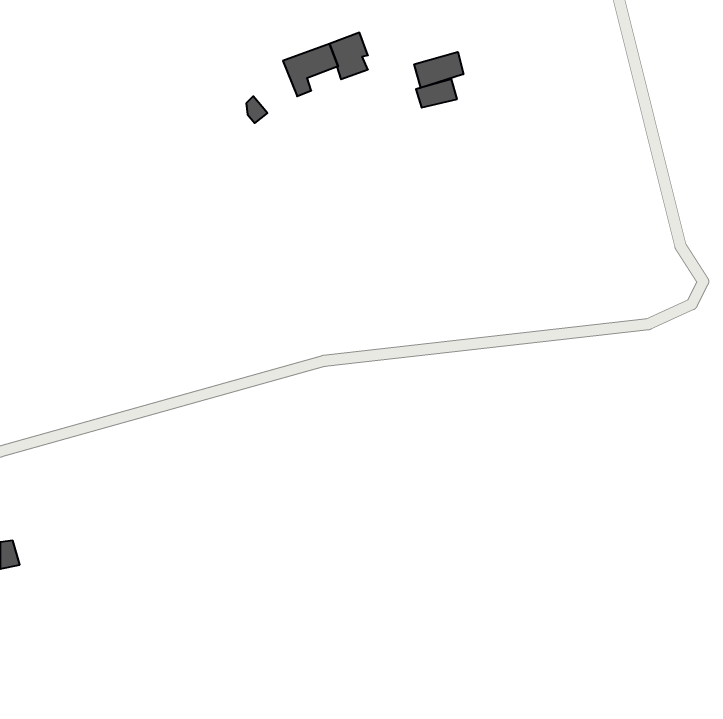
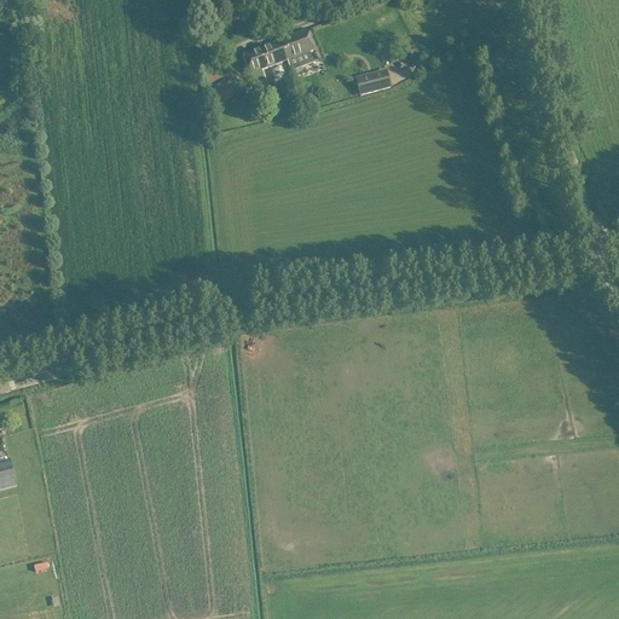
building: [414,52,463,88] -> none

